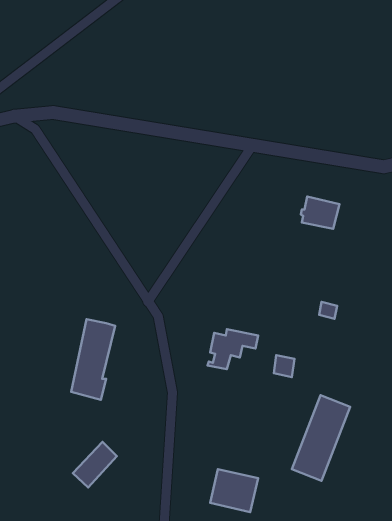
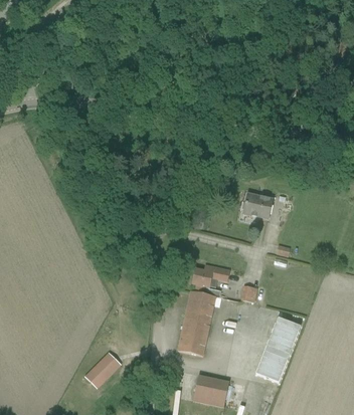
building: [301,196,340,229] -> [242,193,273,218]
building: [71,319,115,400] -> [178,293,212,356]

